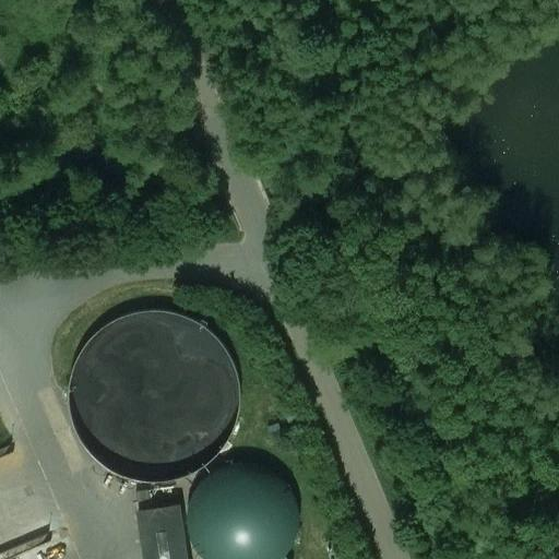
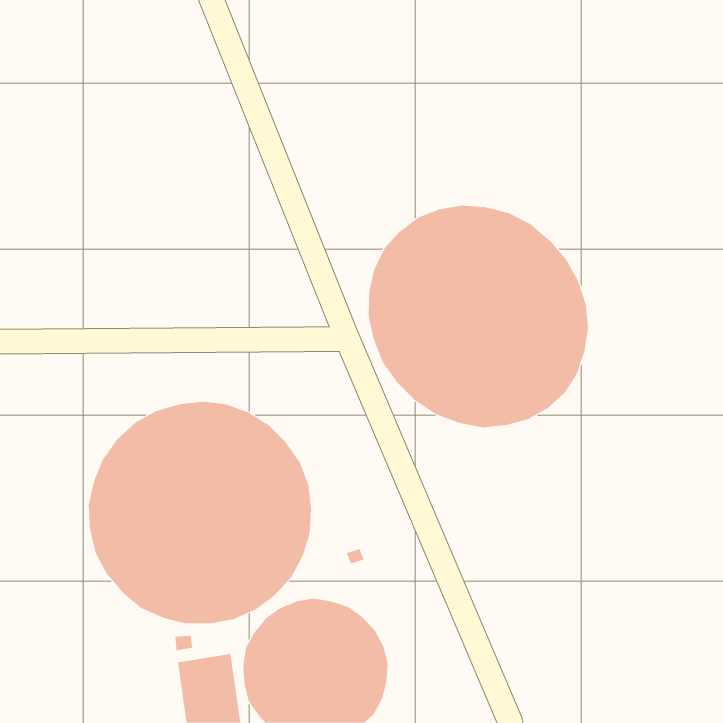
building: none -> [368,205,588,428]

